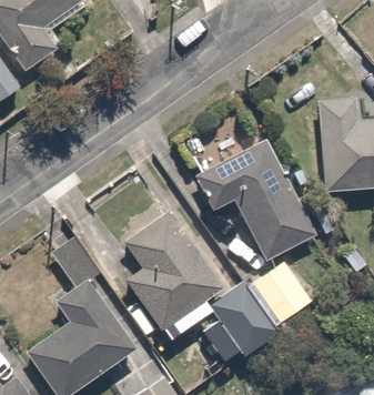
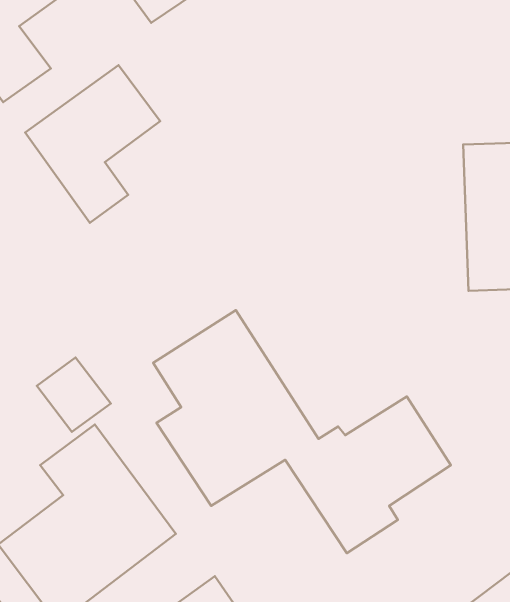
building: none -> [25,65,160,223]
building: [190,139,317,262] -> none

